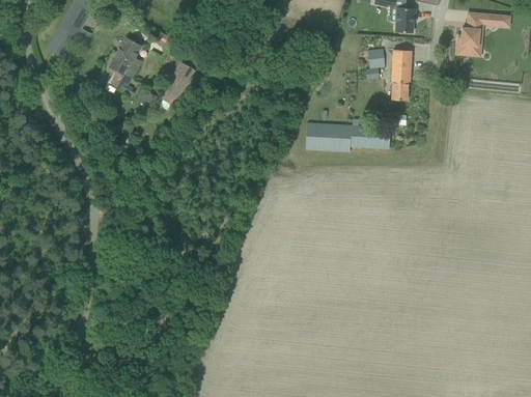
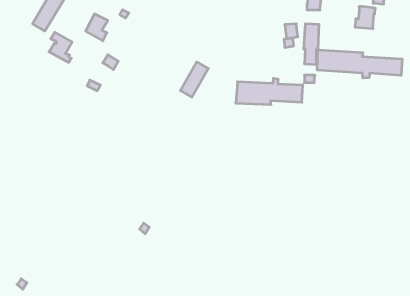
building: [107,58,136,96] -> [49,32,72,62]
building: [160,61,195,106] -> [180,62,208,97]
building: none -> [317,50,402,78]

